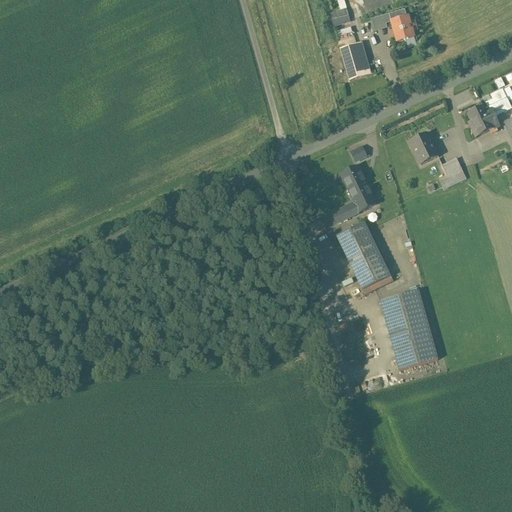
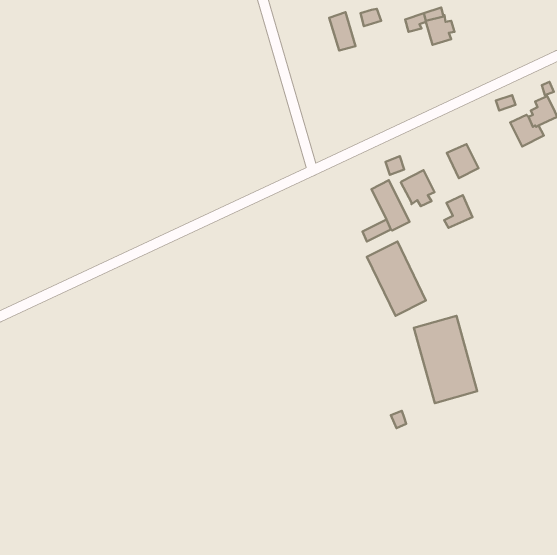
building: [340,43,364,78] -> [329,12,355,50]
building: none -> [401,170,434,206]
building: [439,157,465,187] -> [444,195,473,228]

